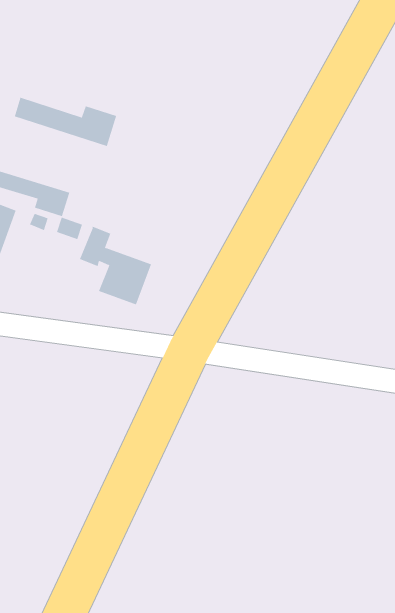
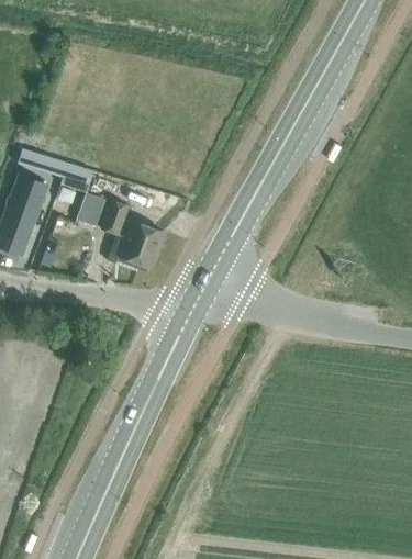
building: [14,97,117,147] -> none

